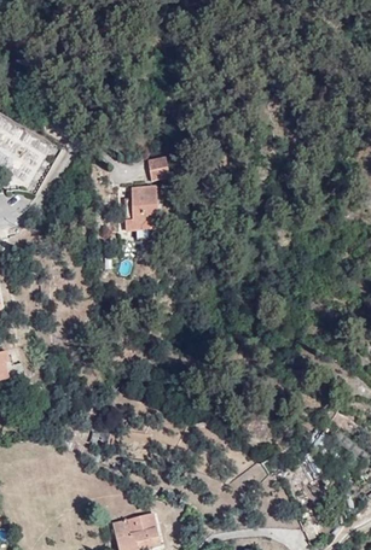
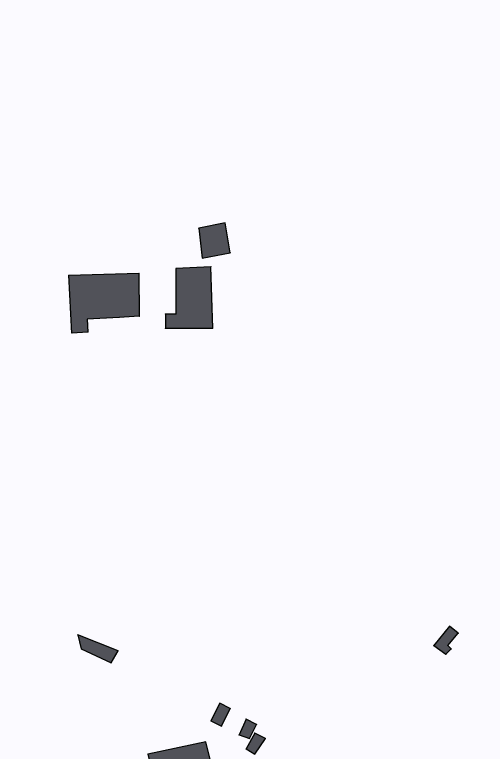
building: none -> [69,273,139,333]

